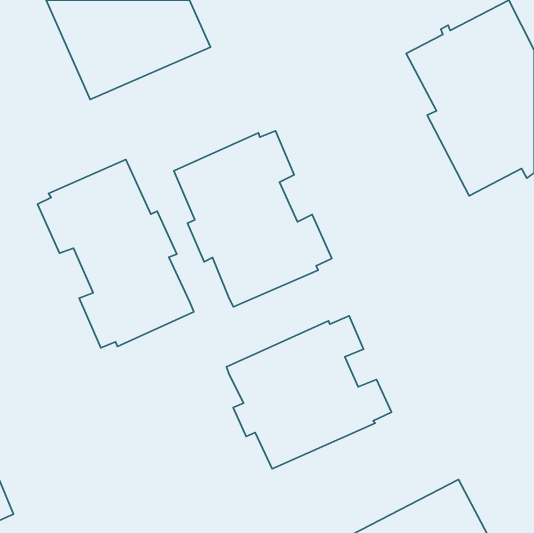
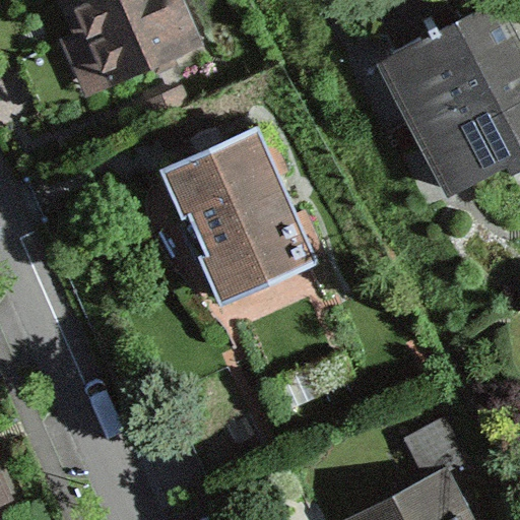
building: [37,159,194,348] -> none
building: [226,316,392,469] -> none

